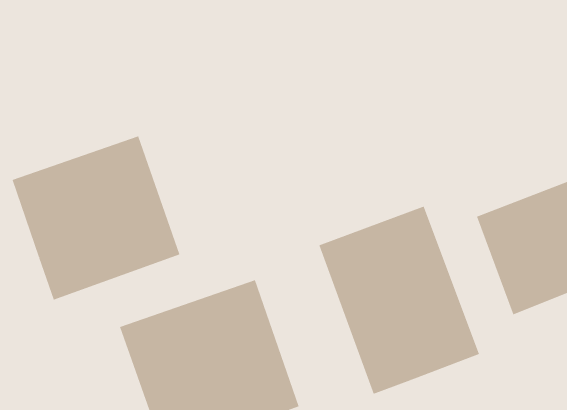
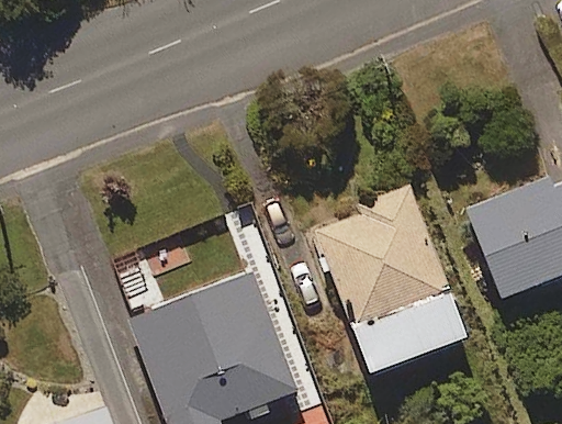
building: [12,136,180,300] -> none

